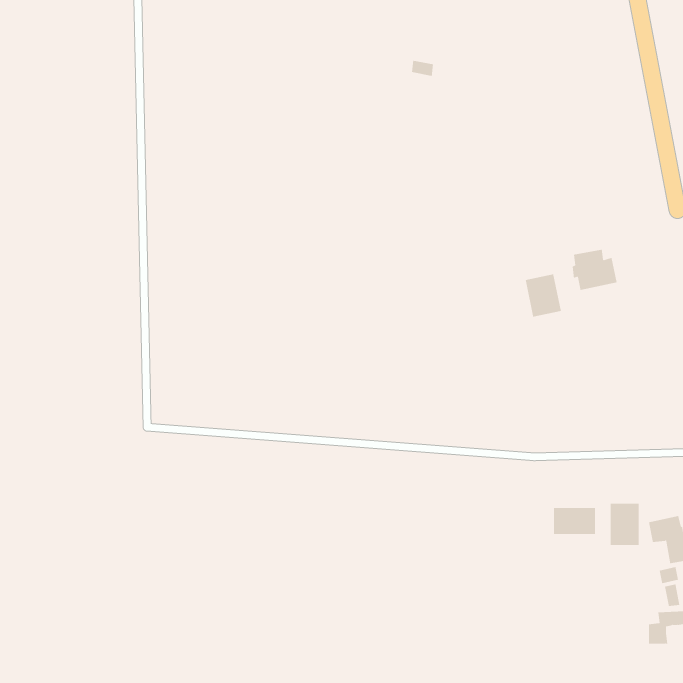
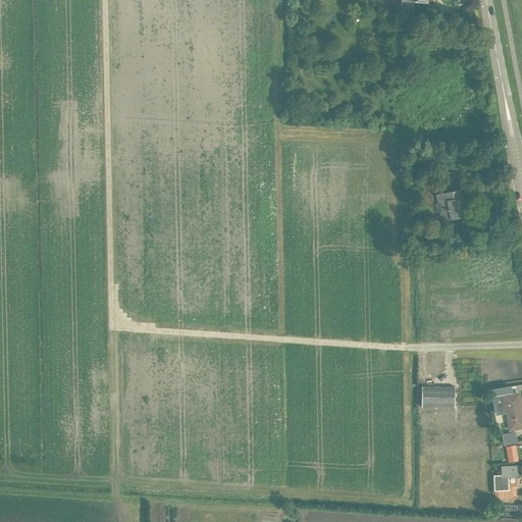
building: [525,273,561,317] -> none
building: [610,503,639,546] -> none

